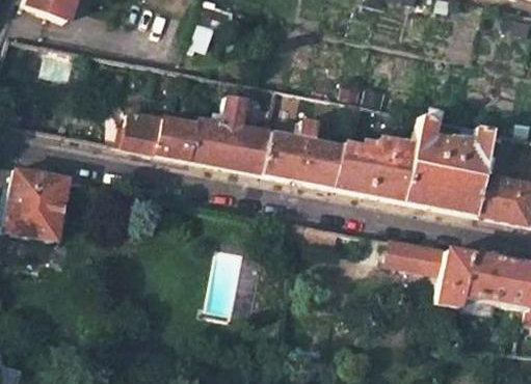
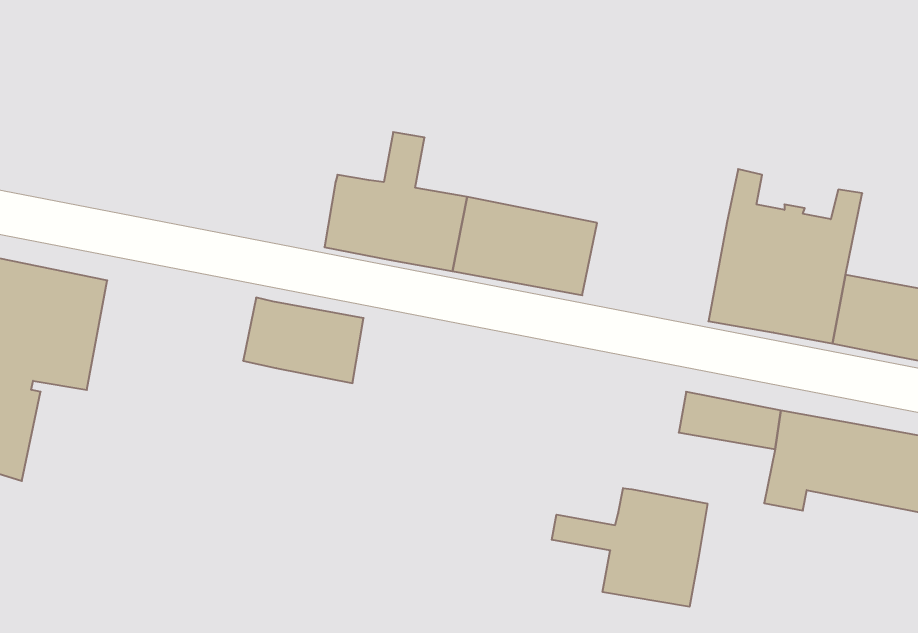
building: [130,111,197,159] -> [243,298,364,383]
building: [336,138,417,200] -> none
building: none -> [552,488,707,607]

